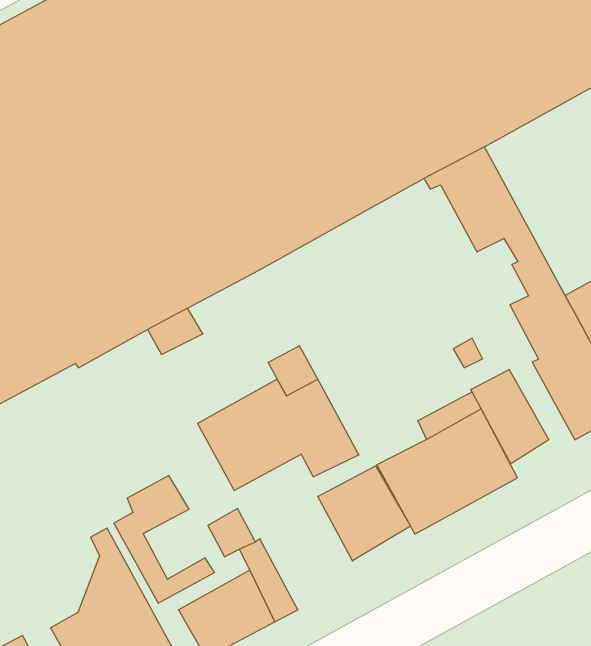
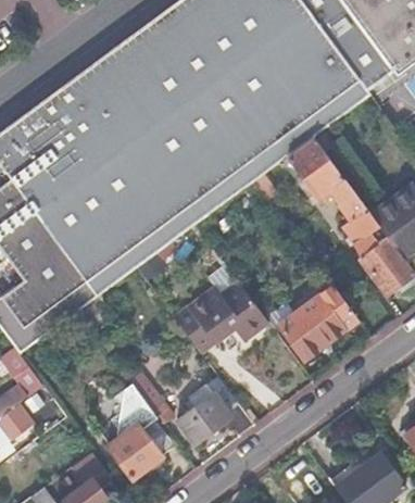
building: [471,369,549,464] -> none
building: [318,466,411,561] -> none

